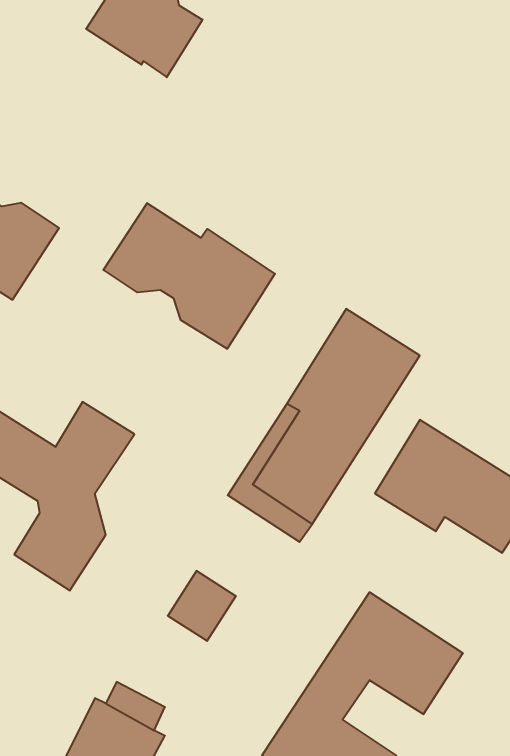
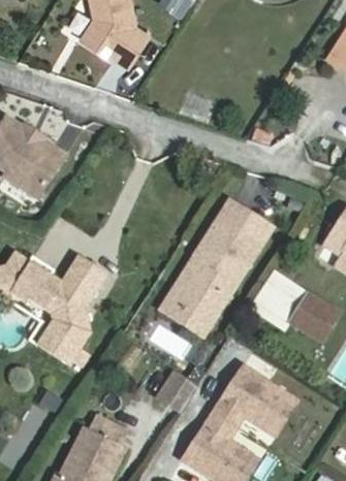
building: [103,203,275,349] -> none
building: [168,571,236,641] -> [158,372,197,412]

